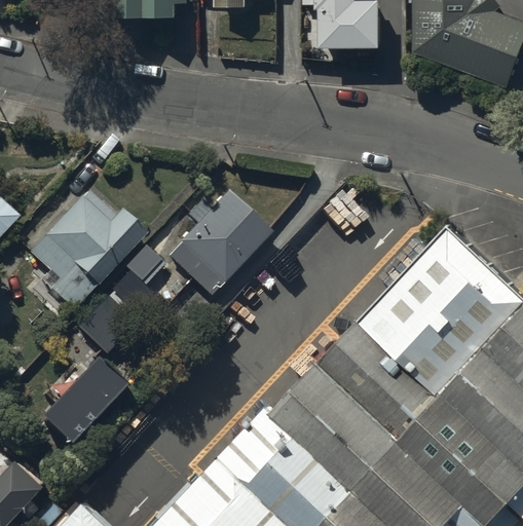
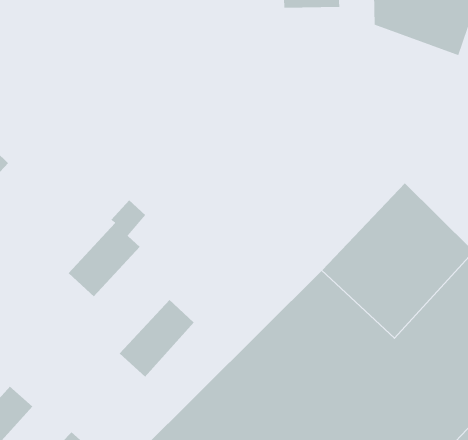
building: [165,186,269,292] -> none
building: [28,187,143,301] -> none
building: [35,345,118,431] -> [119,299,195,378]

